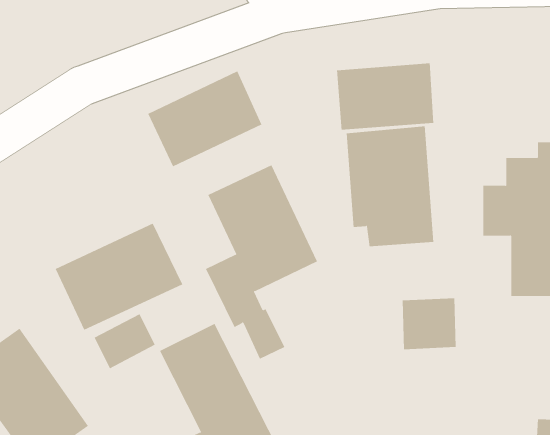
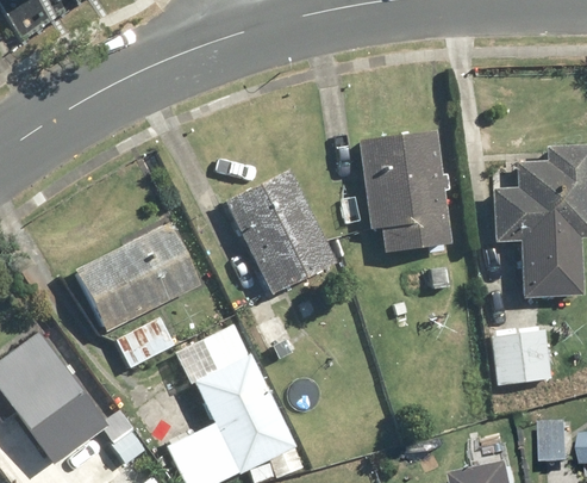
building: [337,63,434,130] -> none
building: [147,70,262,167] -> none
building: [402,298,456,350] -> [494,330,548,382]

